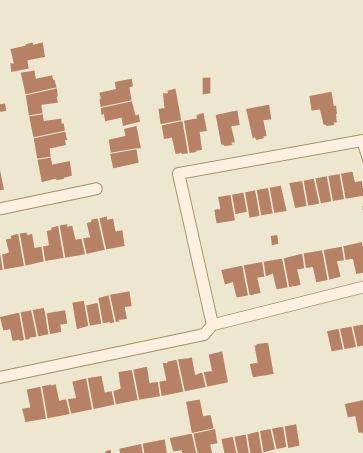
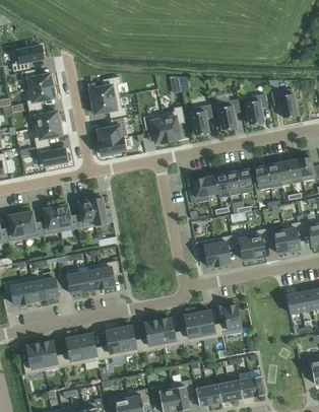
building: [158,88,182,125] -> none
building: none -> [245,94,267,126]
building: [185,399,215,433] -> [197,311,222,340]

